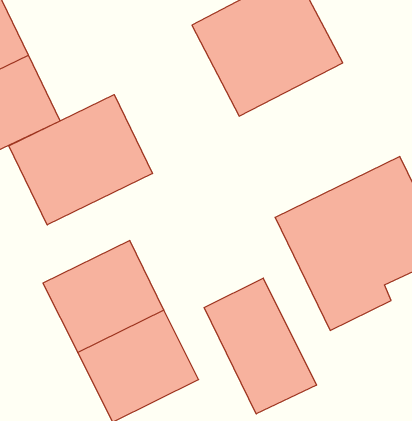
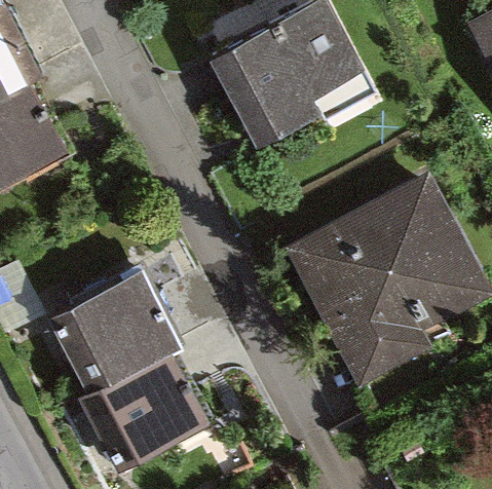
building: [9,95,152,225] -> none
building: [204,278,316,414] -> none

